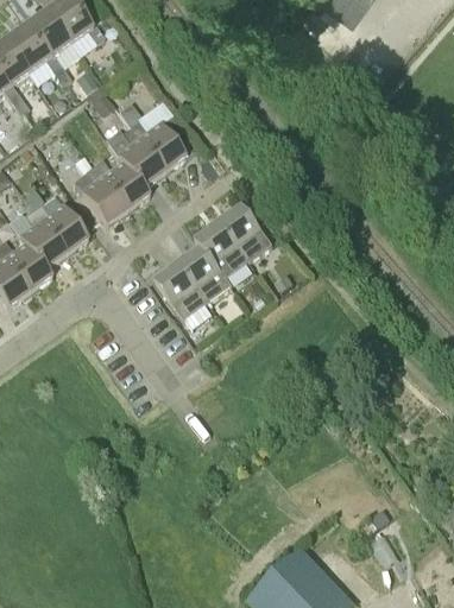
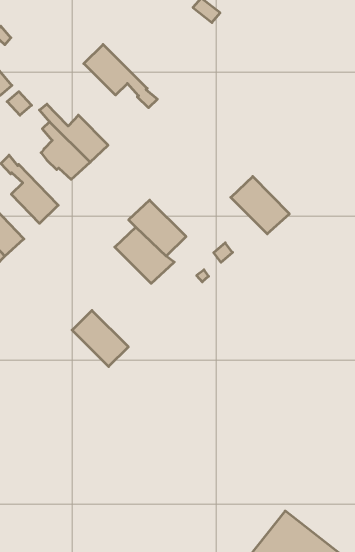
building: none -> [84,44,157,108]
building: [92,160,147,213] -> none
building: [216,203,272,262] -> [231,176,289,234]
building: [152,262,206,321] -> [72,310,128,367]

